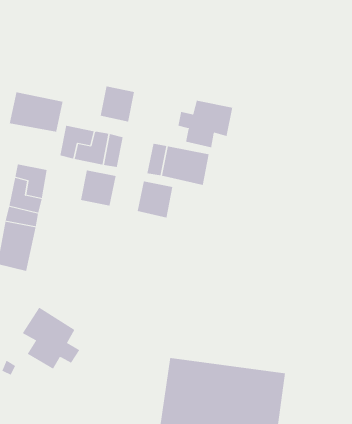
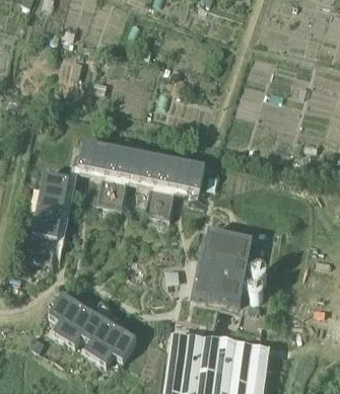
building: [100,86,135,122] -> [128,149,157,179]
building: [9,92,63,132] -> none
building: [178,100,233,148] -> none
building: none -> [196,228,252,301]
building: none -> [83,310,136,363]

